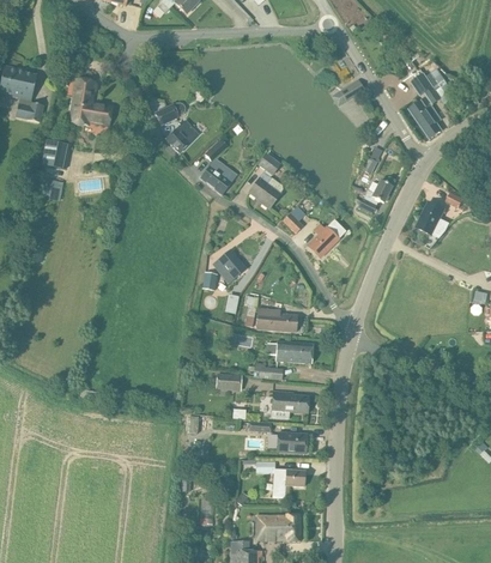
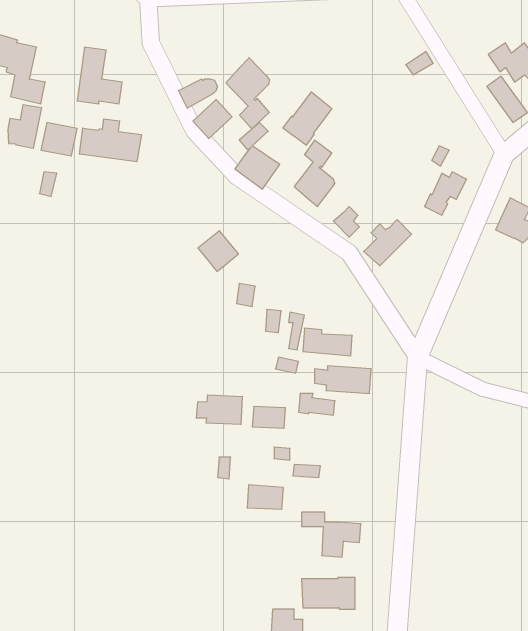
building: none -> [226,58,270,129]
building: none -> [283,92,332,145]
building: none -> [8,105,42,148]
building: none -> [79,119,142,162]
building: [212,249,246,283] -> [198,231,238,271]
building: none -> [196,395,242,425]
building: [271,391,309,419] -> none
building: [277,432,307,453] -> [247,485,283,509]

